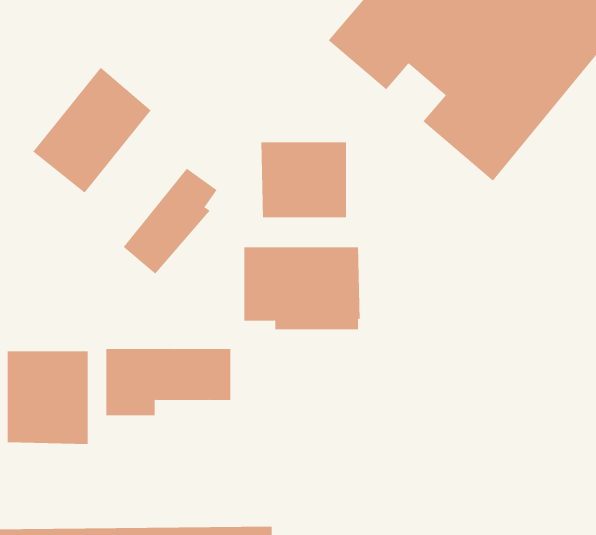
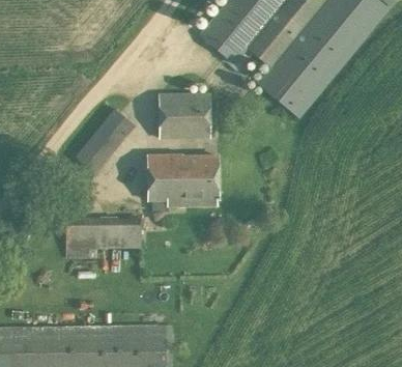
building: [33,67,152,194] -> none
building: [7,350,88,445] -> none

